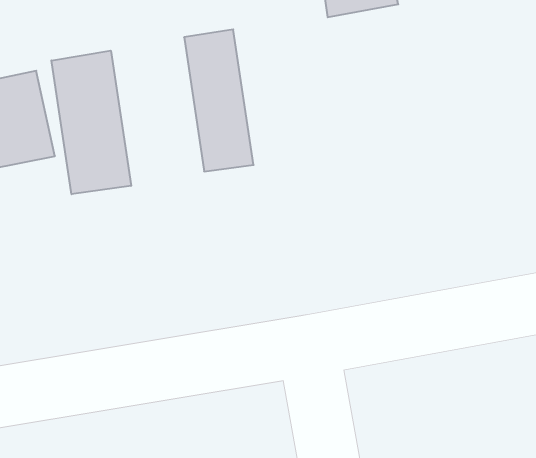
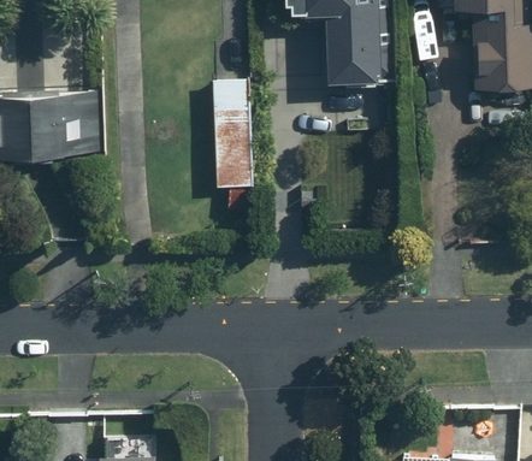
building: [51,51,131,194] -> none

